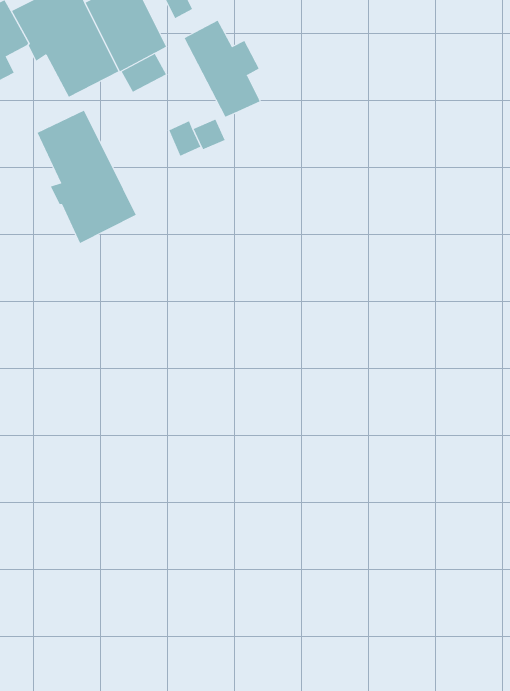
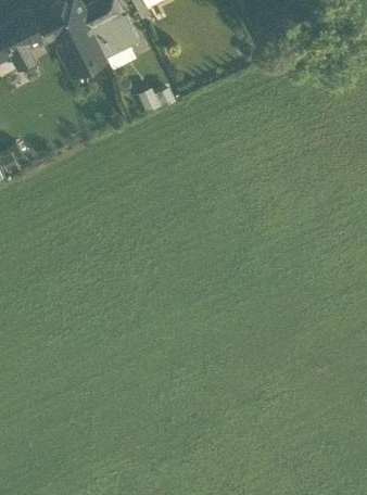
building: [184,20,260,117] -> none
building: [37,110,137,244] -> none

